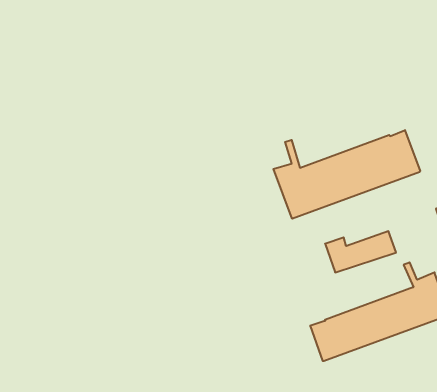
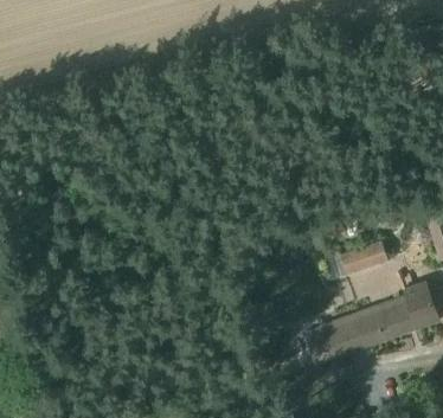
building: [273,130,420,219] -> none

